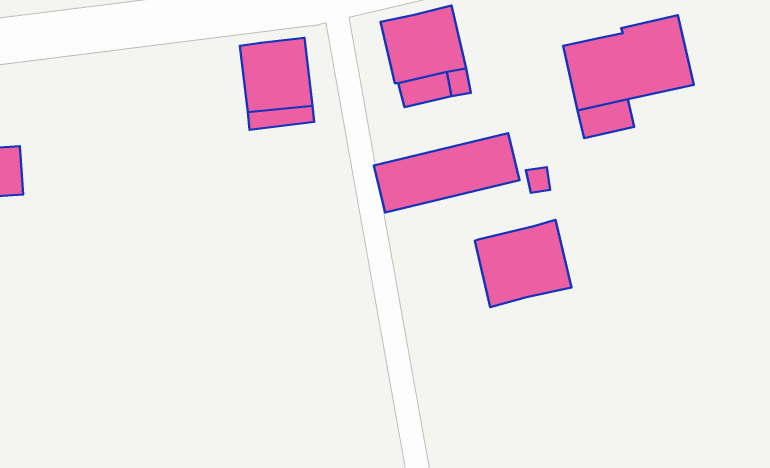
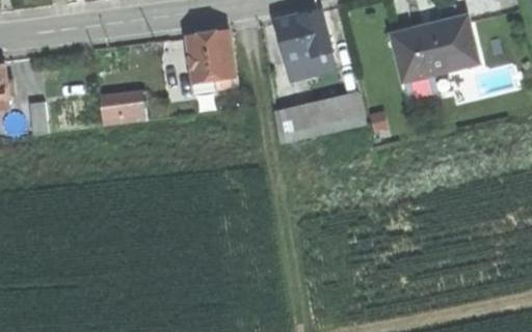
building: none -> [97,90,145,122]
building: [475,220,571,307] -> none

